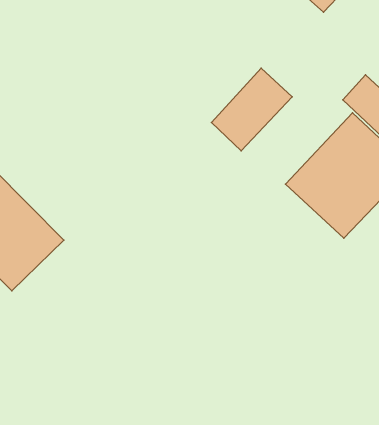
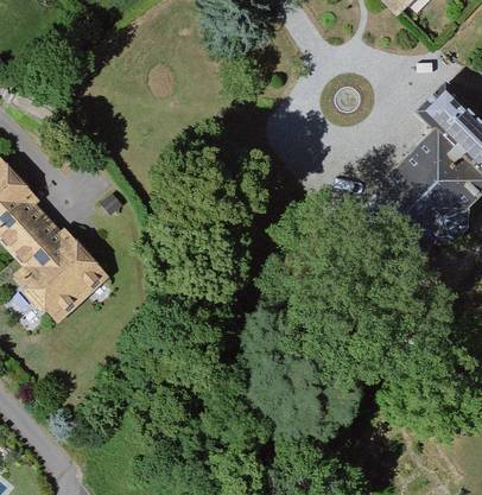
building: [211,68,292,151] -> none

